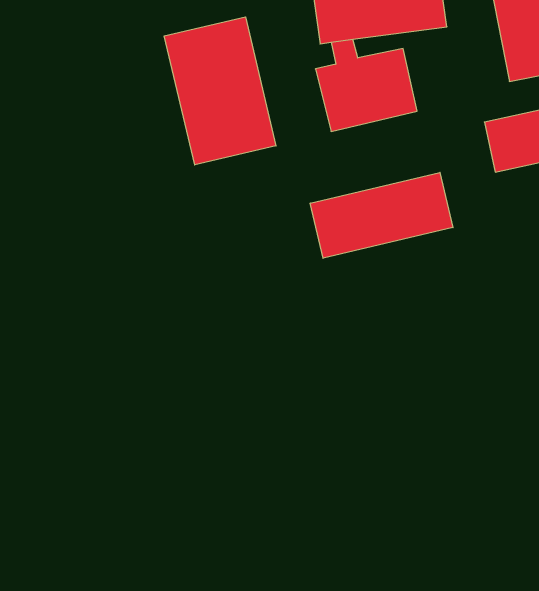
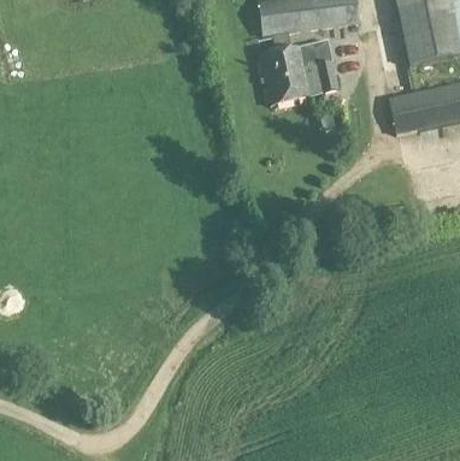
building: [164,17,276,165] -> none
building: [310,172,453,258] -> none

